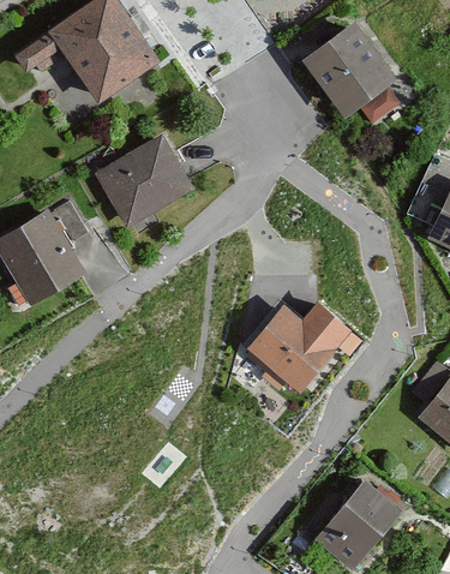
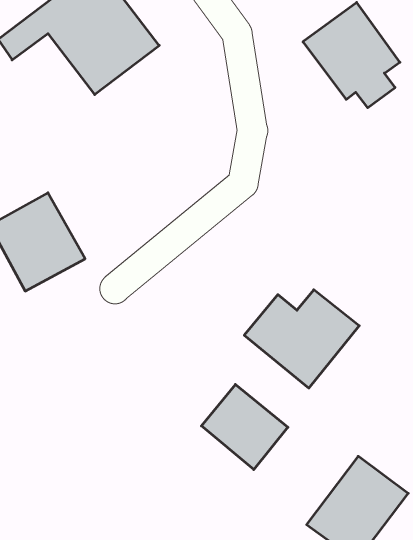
building: [89,134,187,229] -> none
building: none -> [201,384,288,470]

